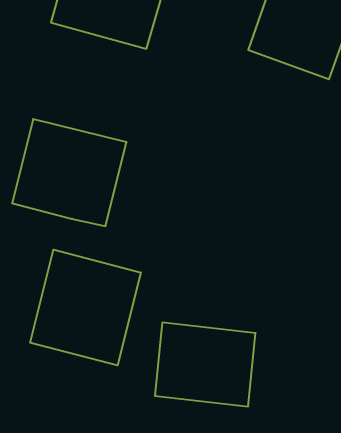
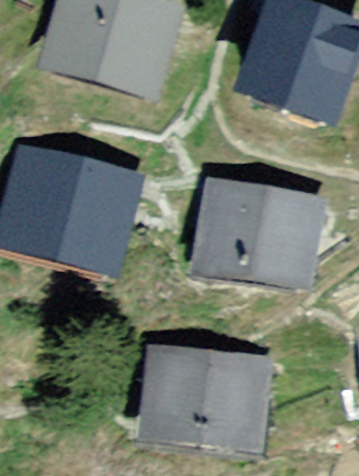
building: none -> [206,190,311,274]
building: [30,250,141,365] -> none

